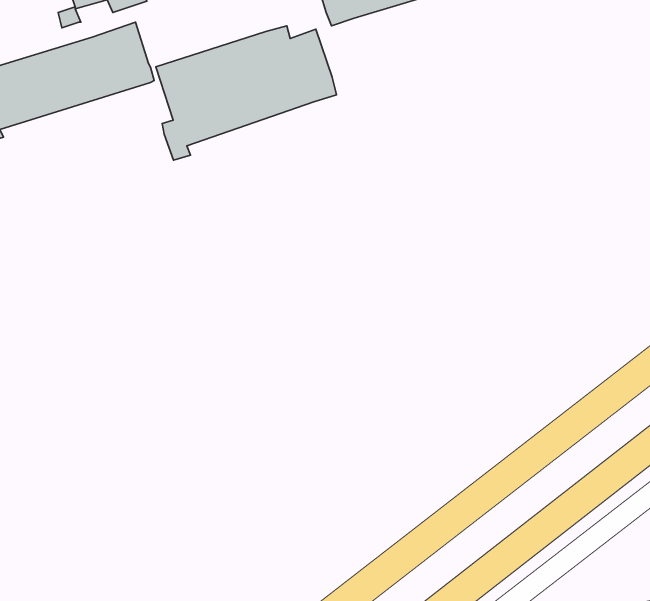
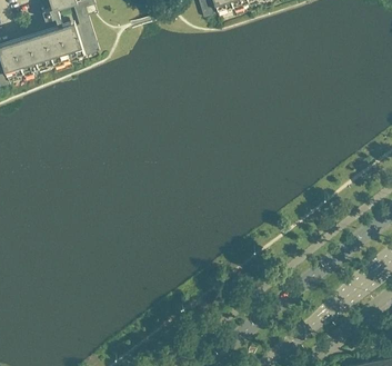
building: [156,26,336,160] -> none

